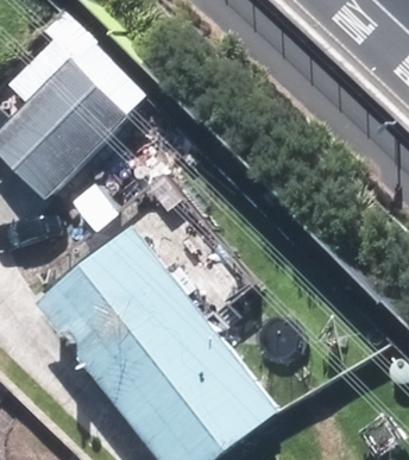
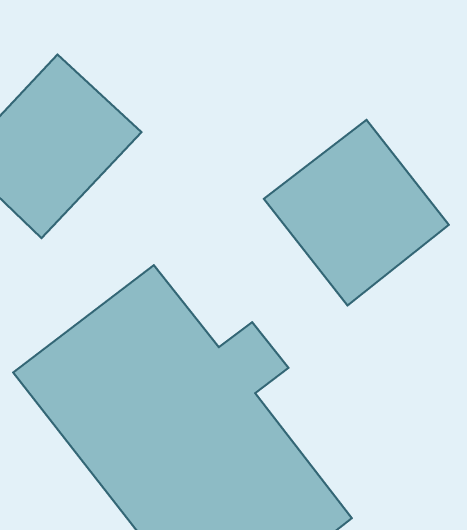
building: none -> [264,120,449,306]

